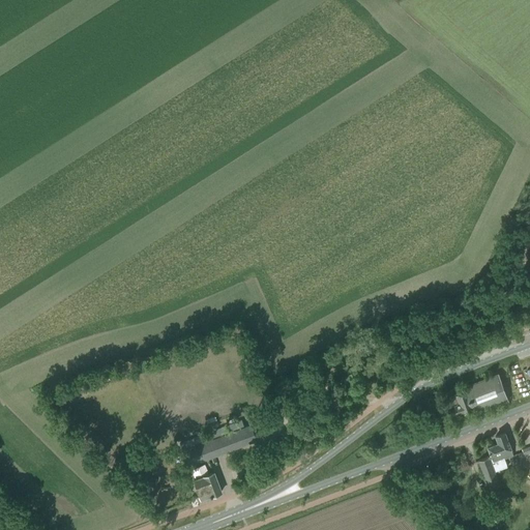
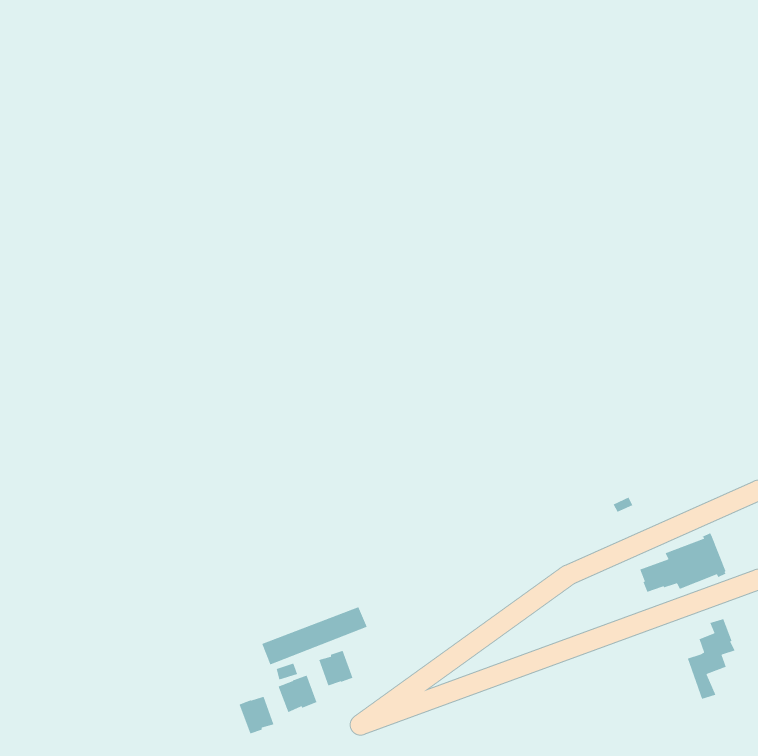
building: none -> [318,650,354,687]
building: none -> [238,696,274,735]

